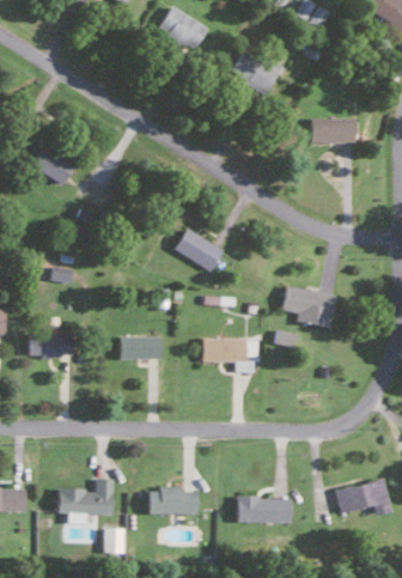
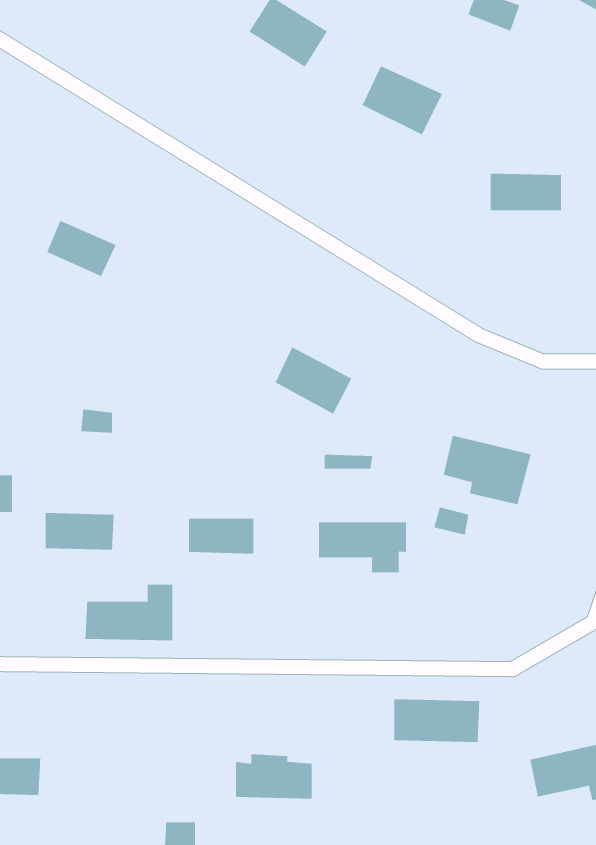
building: [57,479,114,515] -> [84,584,173,641]
building: [237,497,292,524] -> [394,699,480,742]

